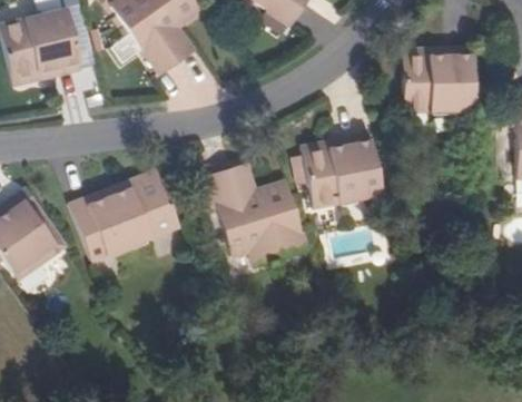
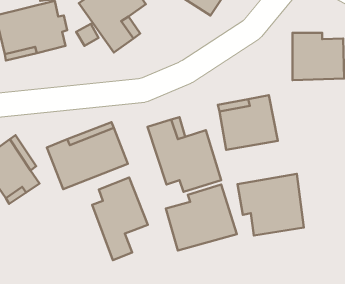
building: none -> [237,174,304,236]
building: none -> [92,177,148,260]
building: none -> [166,185,237,251]

